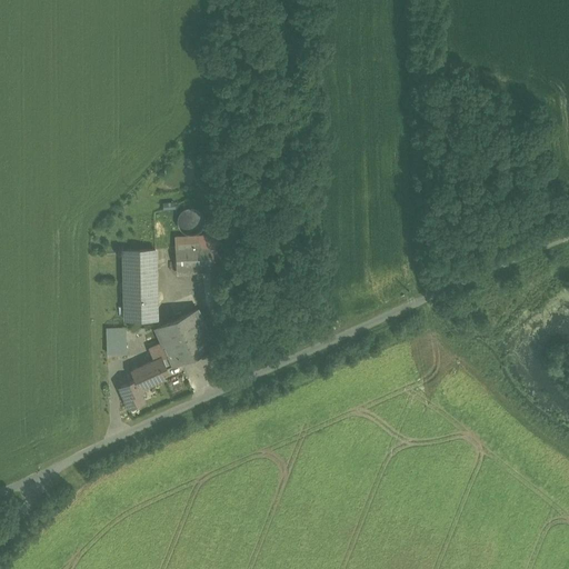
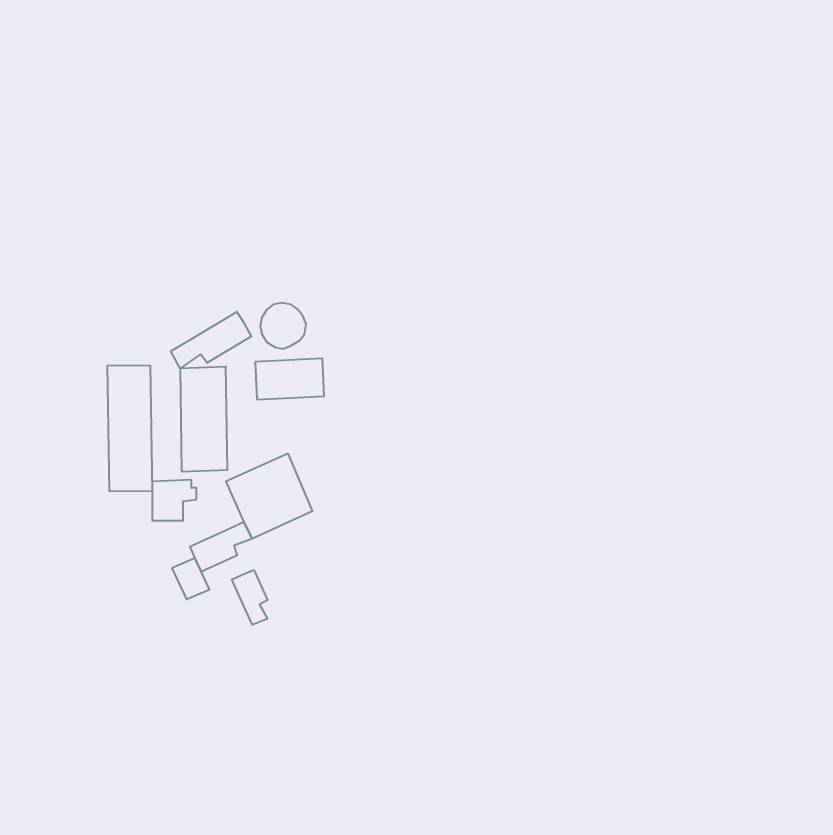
building: none -> [171,312,251,368]
building: none -> [107,365,152,492]
building: none -> [232,570,268,625]

